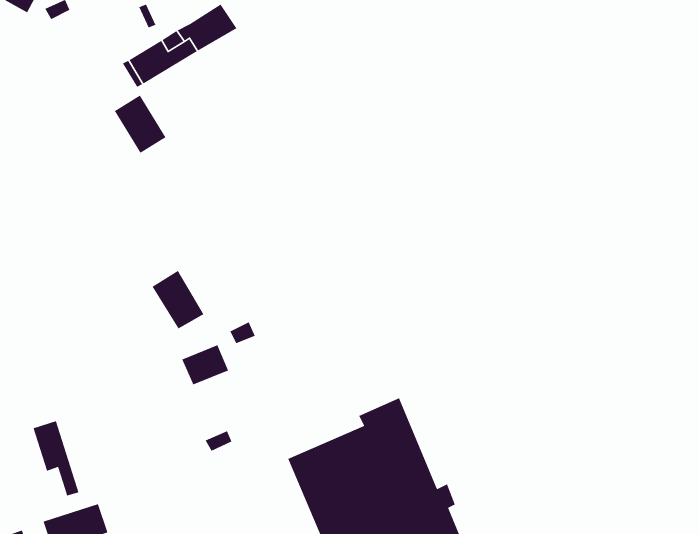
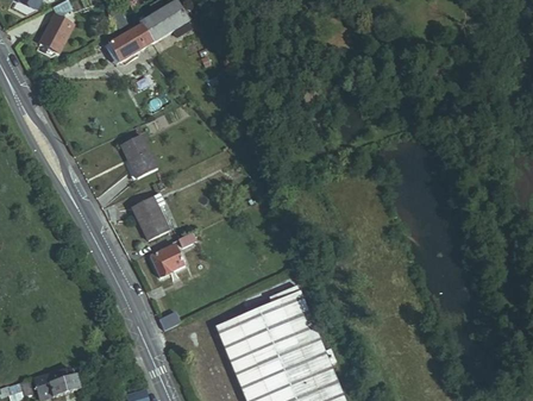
building: none -> [35,20,68,54]
building: [114,94,167,154] -> [112,138,150,181]
building: [32,420,80,497] -> none

